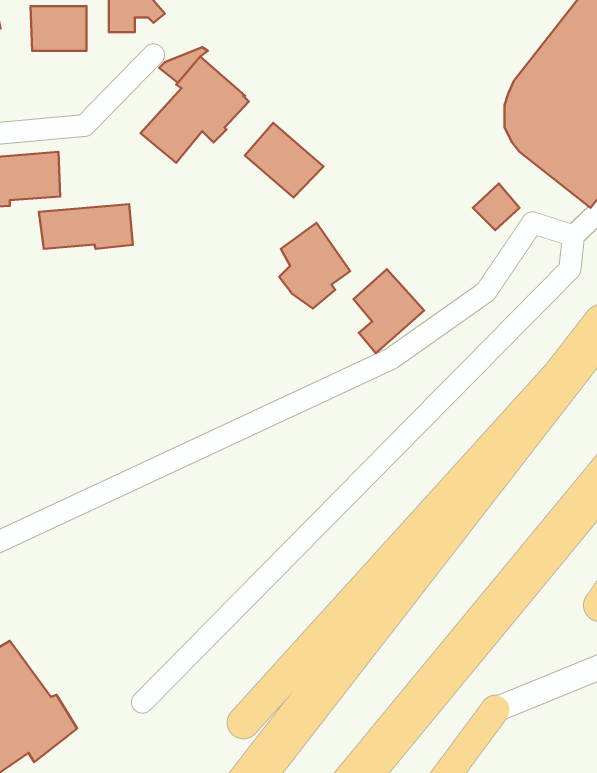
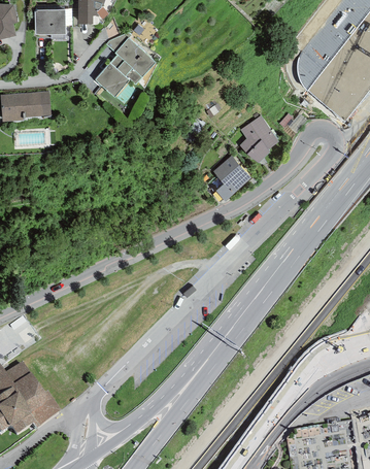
building: [245,123,323,198] -> none
building: [39,204,133,249] -> none
building: [279,223,350,309] -> [239,114,278,162]

